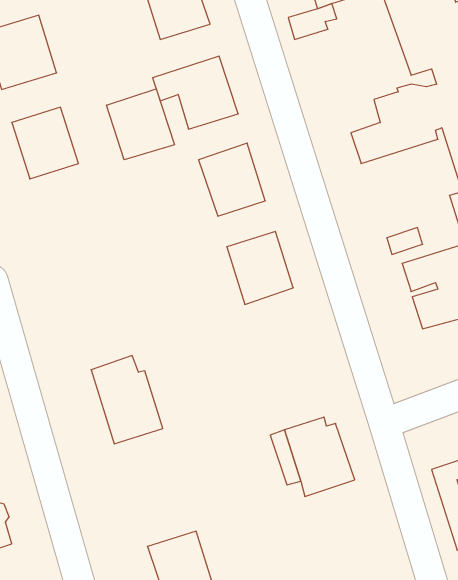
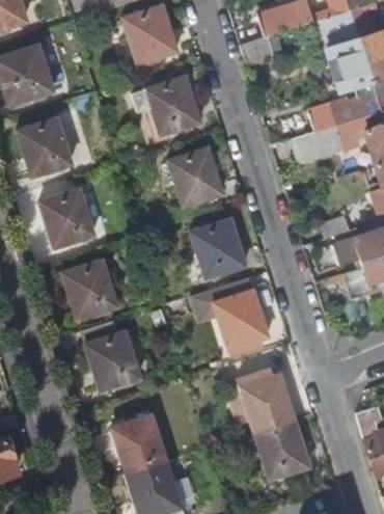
building: [107,89,175,160] -> none
building: none -> [39,188,93,248]
building: none -> [62,259,116,319]
building: none -> [214,290,268,349]
building: none -> [112,415,166,474]
building: none -> [254,420,309,479]

